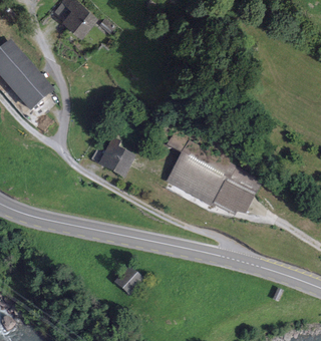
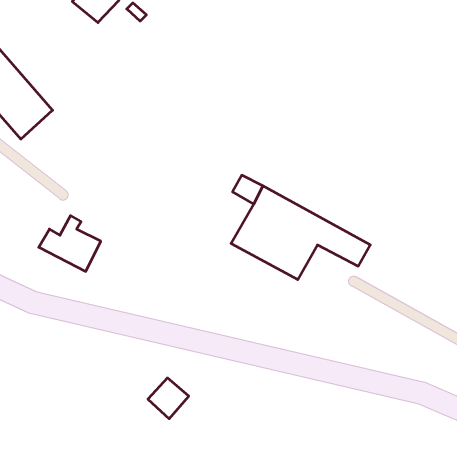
building: [90,139,131,177] -> [39,216,101,271]
building: [213,181,253,214] -> none

